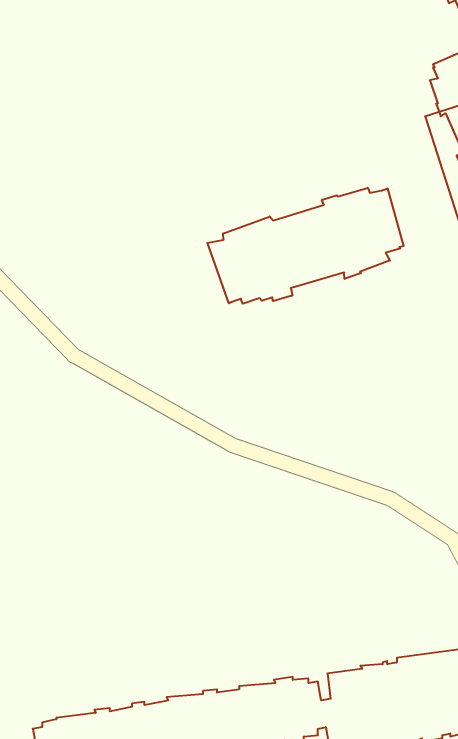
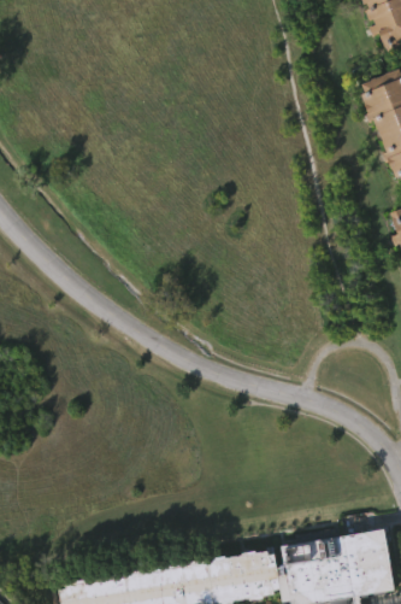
building: [207,188,404,304] -> none

